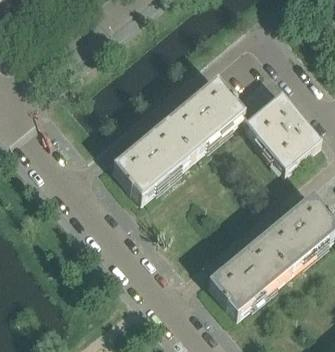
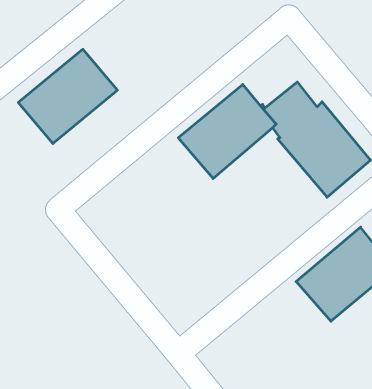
building: [112,123,192,199] -> [18,49,117,144]
building: [208,239,287,315] -> none

